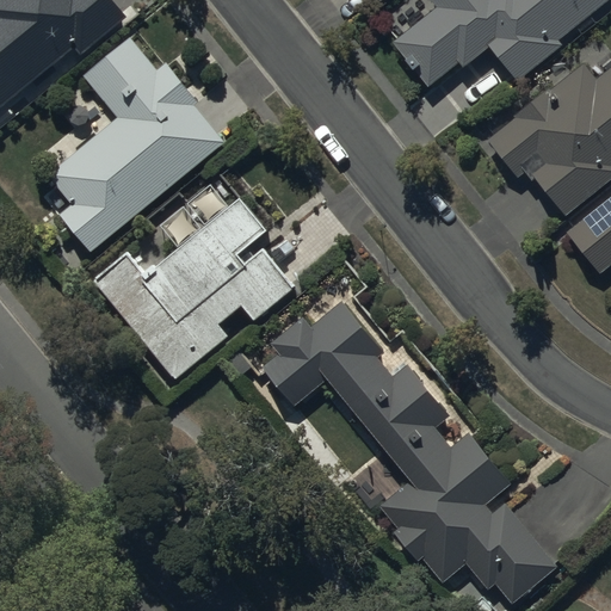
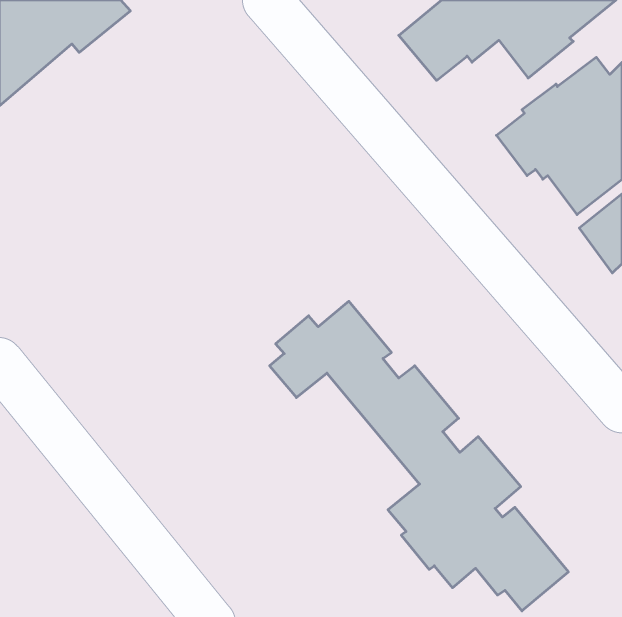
building: [44,37,226,252] -> none
building: [92,193,291,381] -> none

